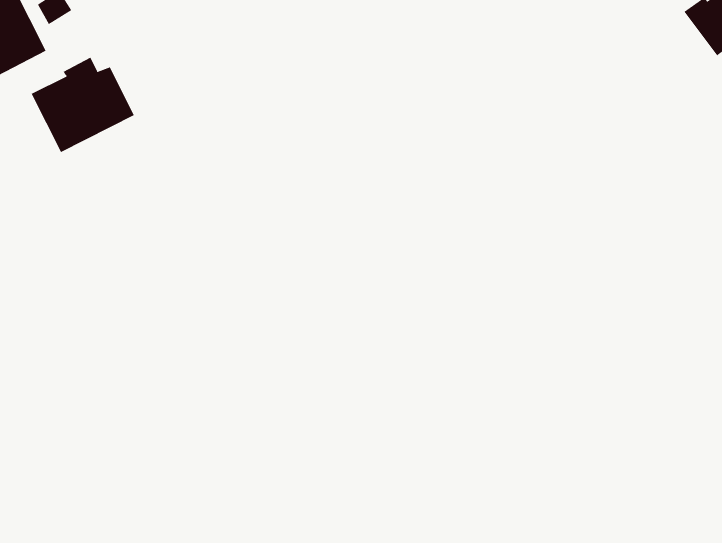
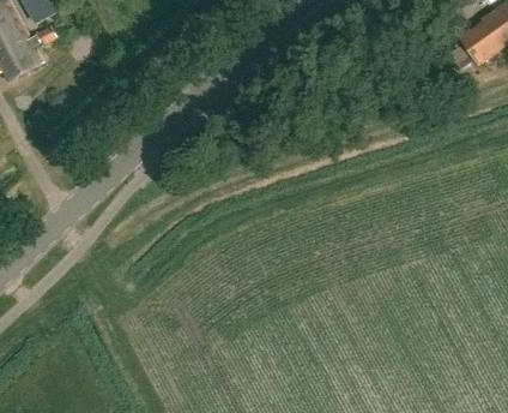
building: [31,57,135,153] -> none

